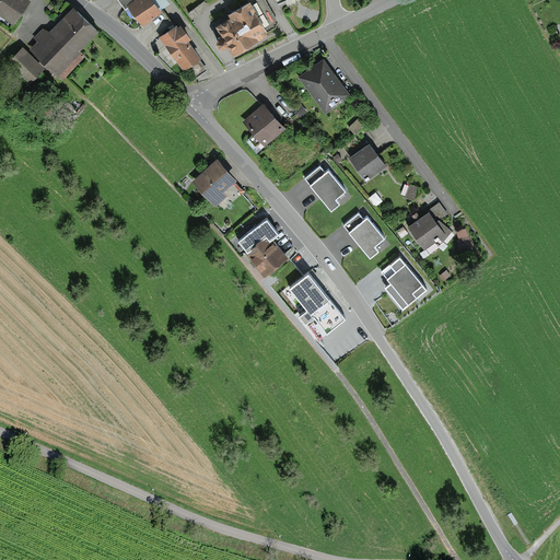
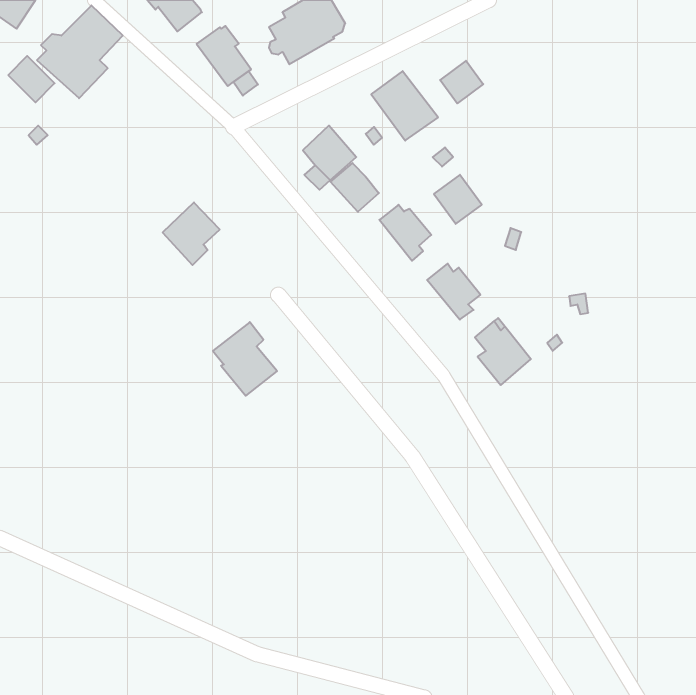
building: none -> [440,61,483,103]
building: none -> [330,163,379,212]
building: [191,158,237,208] -> [163,202,220,265]
building: [406,202,452,250] -> none
building: [237,219,289,278] -> [213,322,277,396]
building: [289,272,346,335] -> none

